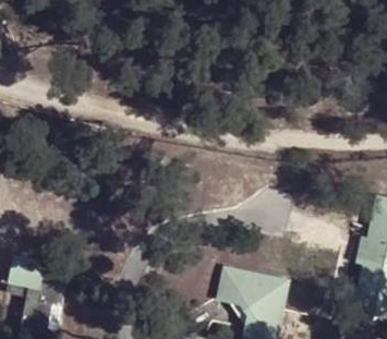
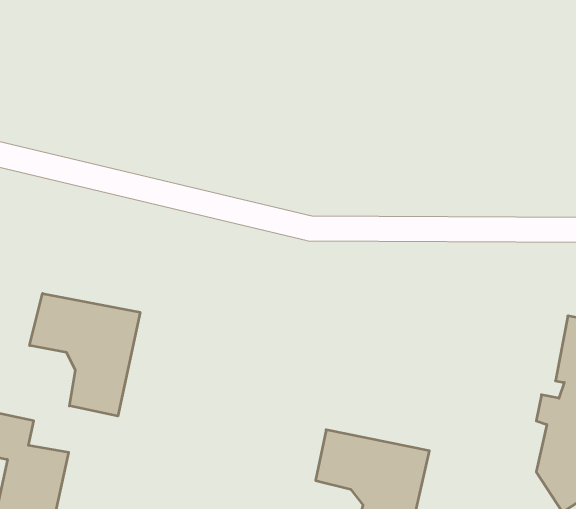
building: none -> [30,293,140,416]

